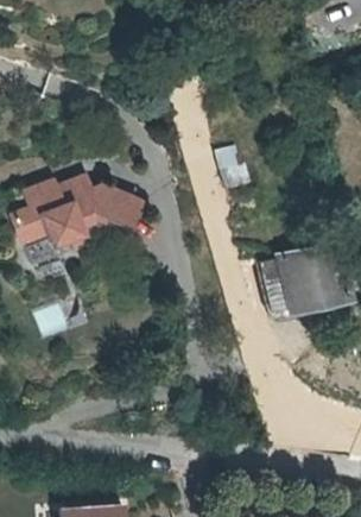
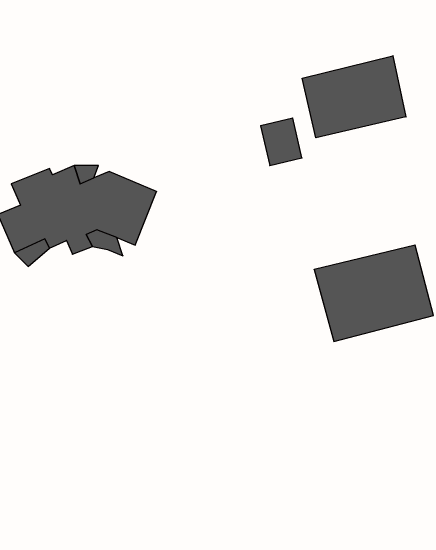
building: none -> [302,56,406,138]

